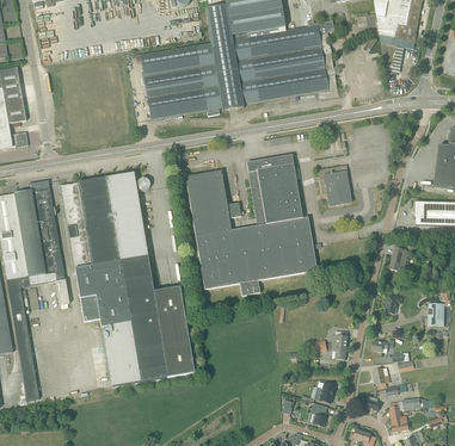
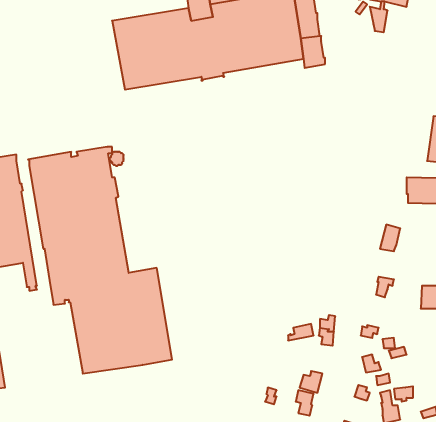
building: [185,154,316,295] -> none
building: [318,163,351,204] -> none

